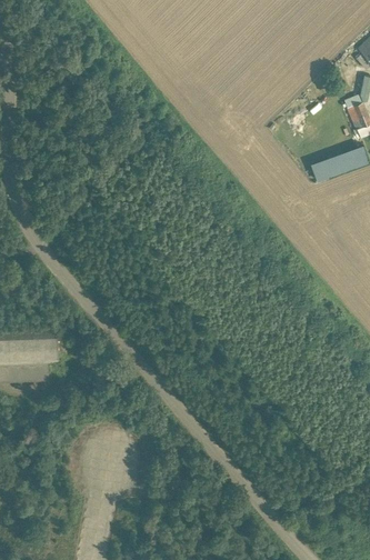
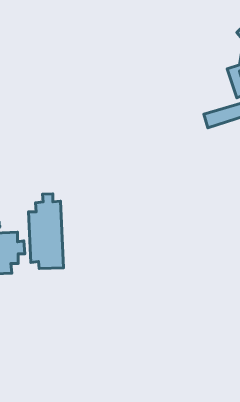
building: none -> [28,194,64,269]

